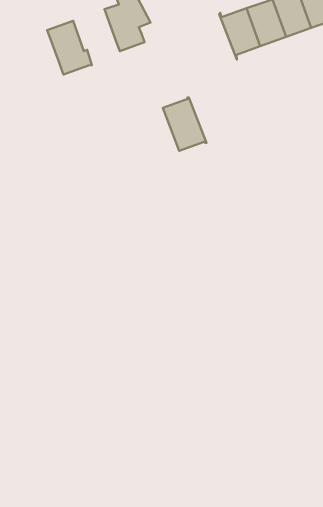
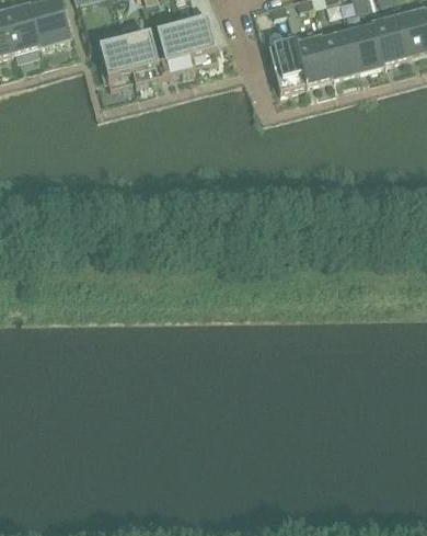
building: none -> [160,22,197,76]
building: none -> [101,32,138,85]
building: [163,98,206,151] -> [270,37,310,89]

